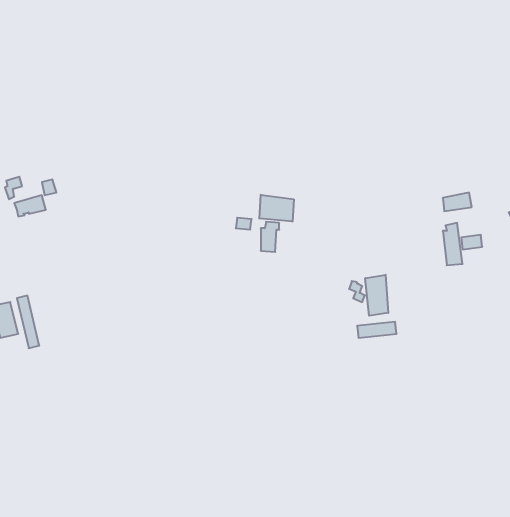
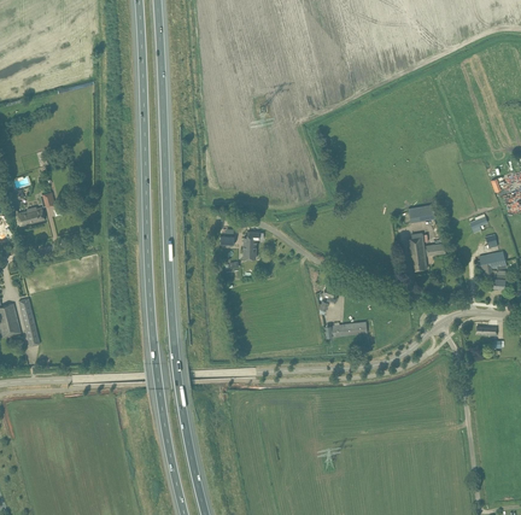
building: [259,195,294,222] -> none
building: [365,275,388,316] -> none

